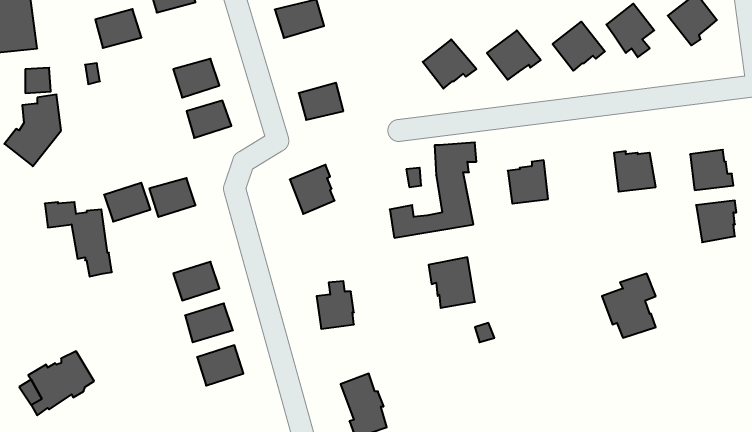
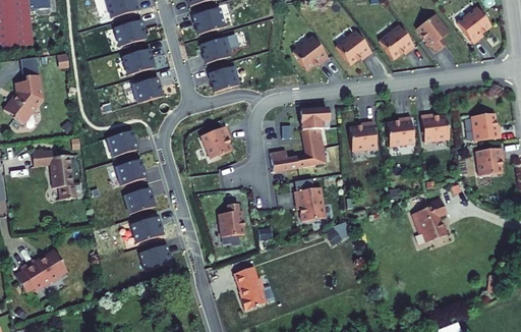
building: [95,9,142,48] -> [113,20,144,47]
building: none -> [199,38,229,64]
building: none -> [387,114,414,145]
building: [104,183,150,222] -> [113,160,144,186]

